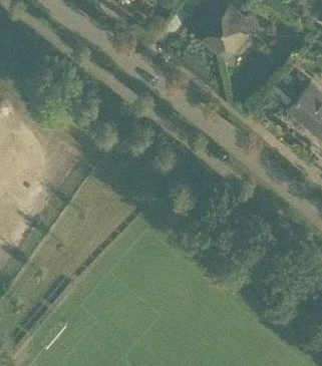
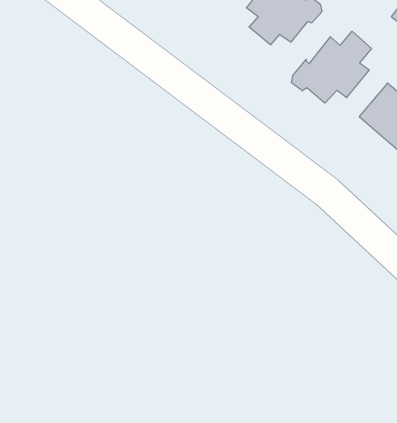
building: none -> [292,31,372,103]

